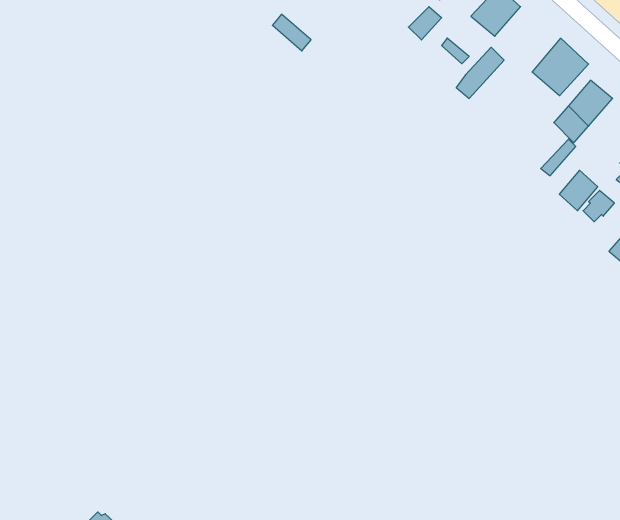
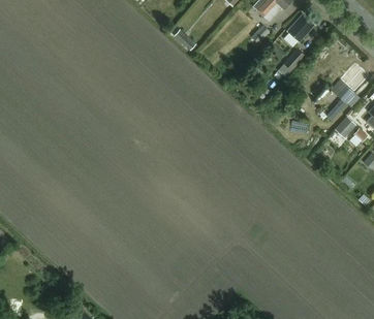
building: [532,38,589,96] -> none

